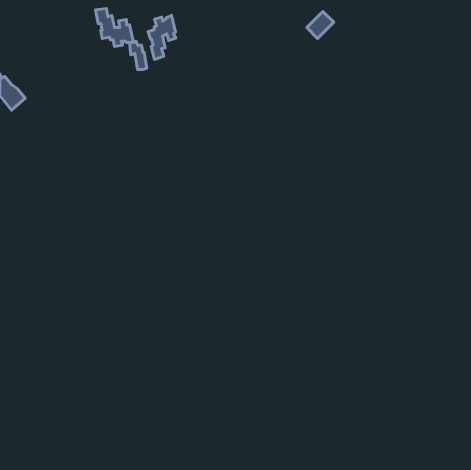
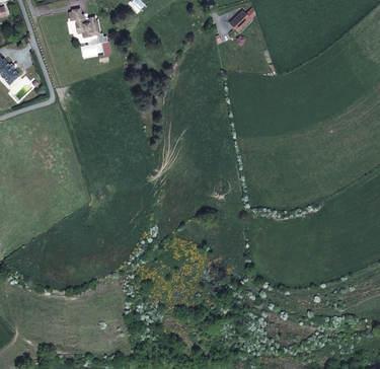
building: [148,15,176,60] -> none

